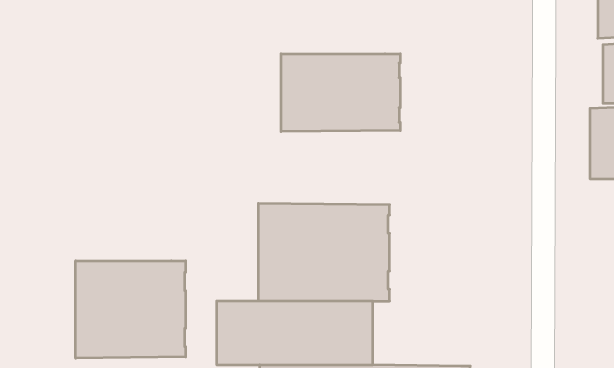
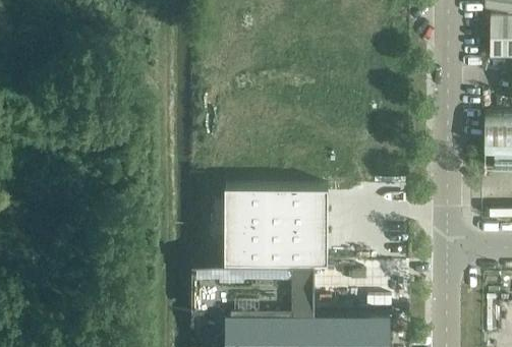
building: [281,54,400,132] -> none
building: [76,261,186,358] -> none

